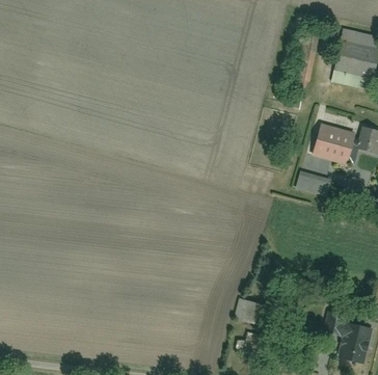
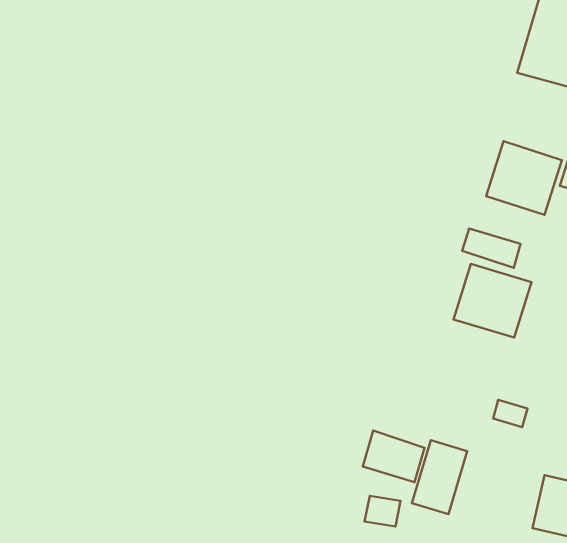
building: none -> [454,264,531,338]
building: none -> [412,440,467,514]

